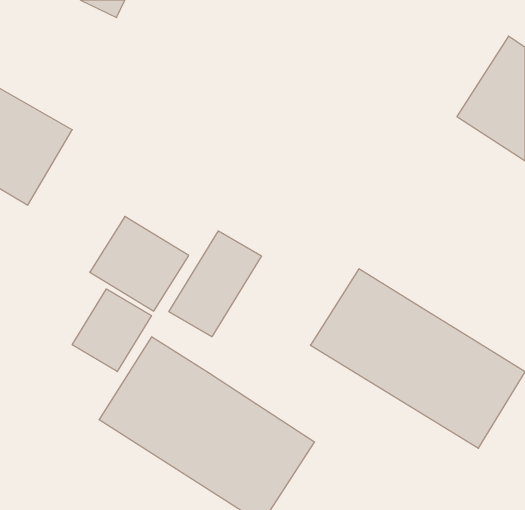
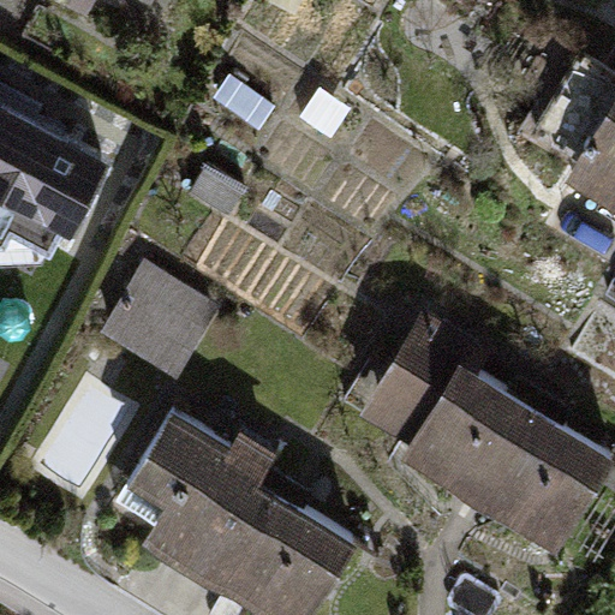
building: [169,231,261,337] -> none
building: [72,289,151,372] -> none

